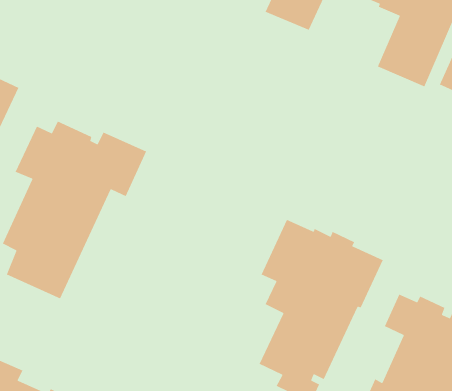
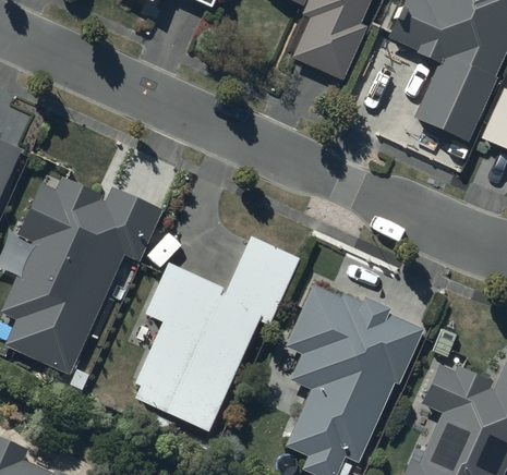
building: none -> [133,237,301,433]

